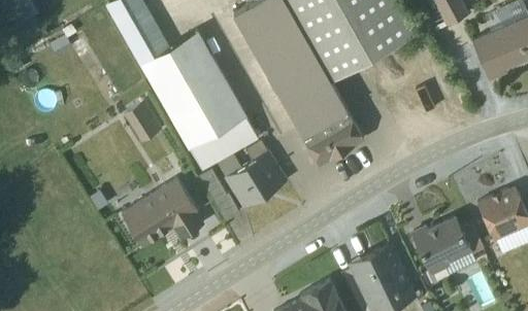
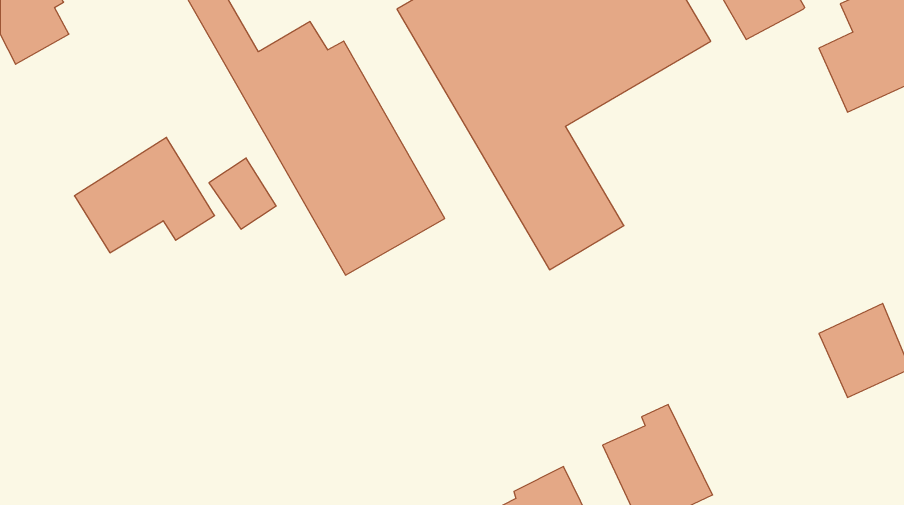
building: [218,141,286,208] -> none
building: [199,170,239,222] -> none
building: [122,179,203,246] -> [74,137,215,253]
building: [412,218,484,275] -> none

